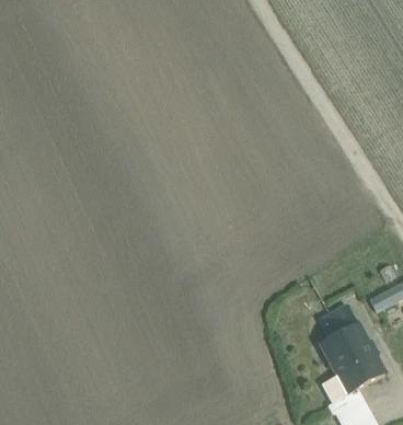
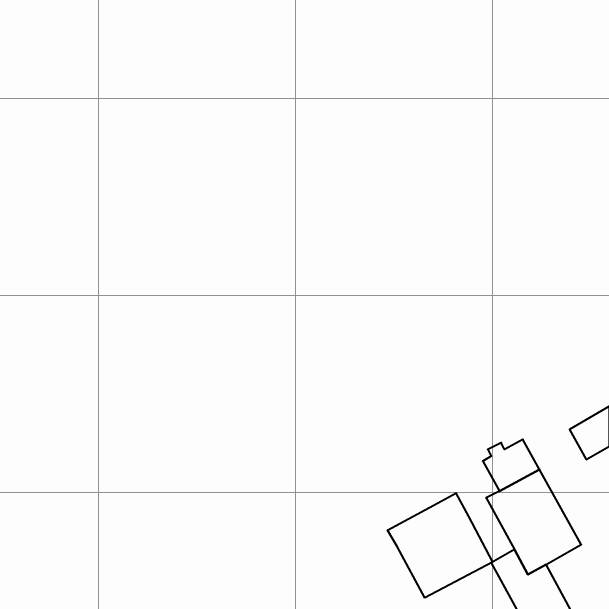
building: none -> [388,493,493,598]

